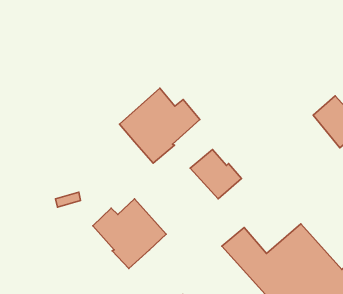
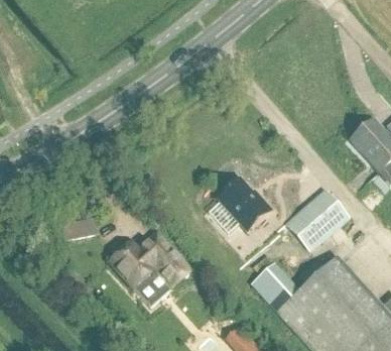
building: [119,88,200,163] -> none
building: none -> [285,190,347,250]

